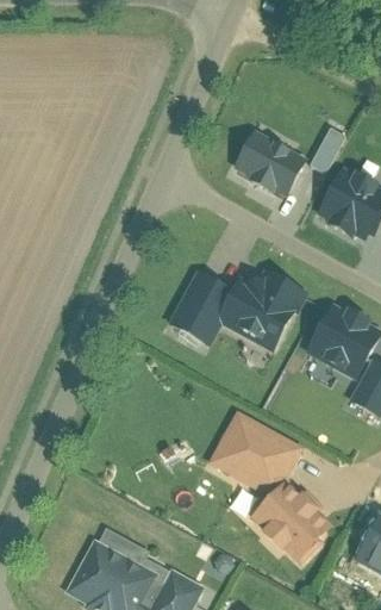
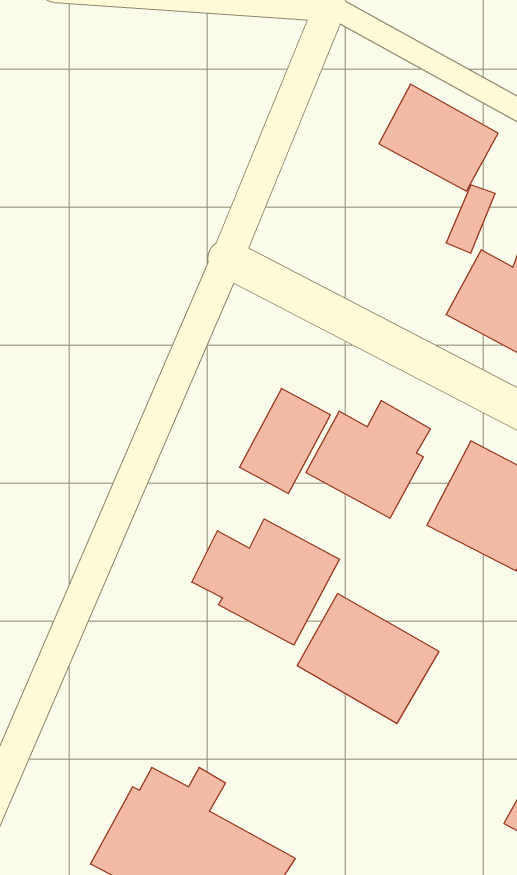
building: [226,127,307,200] -> [379,84,498,191]
building: none -> [192,519,340,645]
building: [256,477,342,564] -> none

